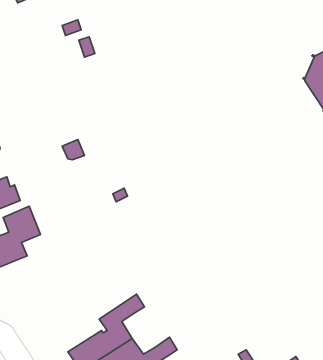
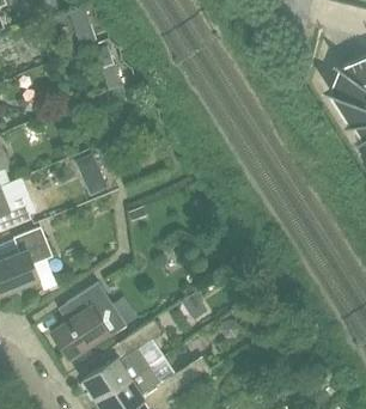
building: none -> [51,282,123,359]

